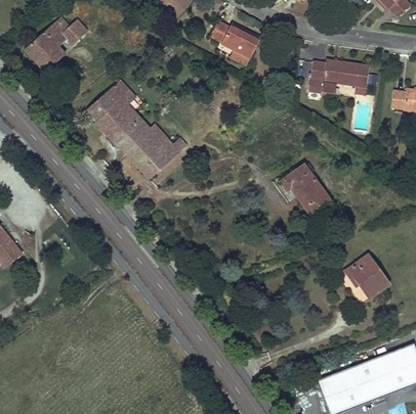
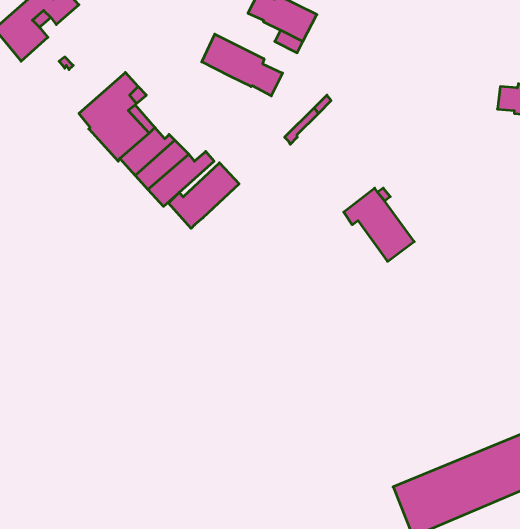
building: none -> [202,34,283,96]
building: [310,59,370,93] -> none
building: none -> [168,163,239,228]
building: [346,255,389,297] -> none

